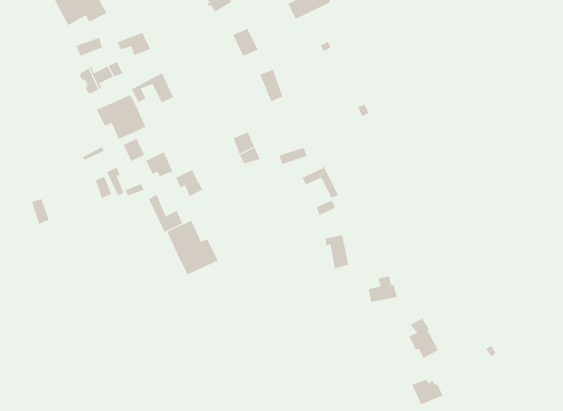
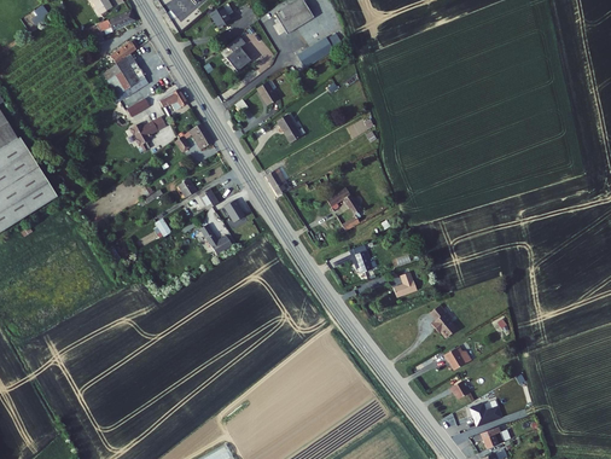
building: [96,94,146,140] -> none
building: [167,220,219,275] -> none

